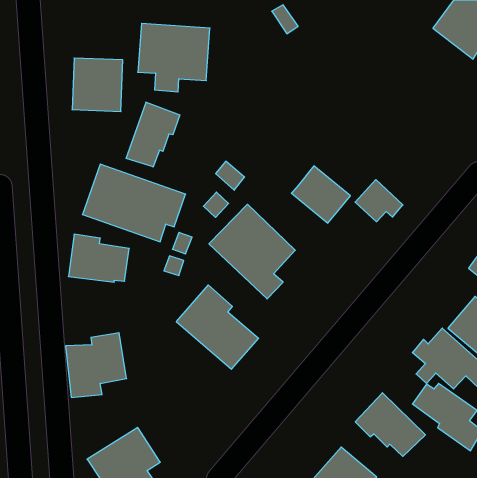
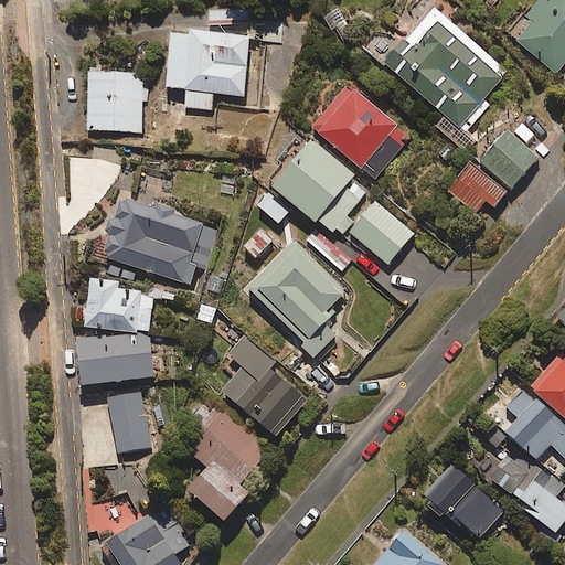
building: none -> [377,6,510,136]
building: none -> [311,82,412,180]
building: [126,102,180,167] -> none
building: none -> [479,129,537,188]
building: none -> [268,137,367,239]
building: [355,180,403,222] -> [448,162,504,212]
building: none -> [75,333,153,383]
building: none -> [184,404,268,520]

